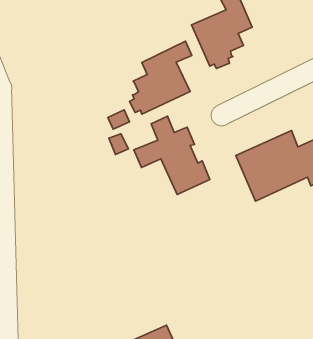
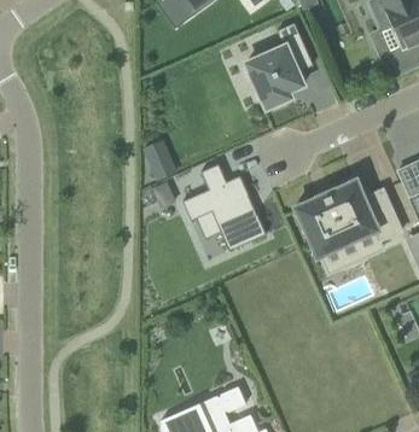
building: [130,41,192,114] -> none

